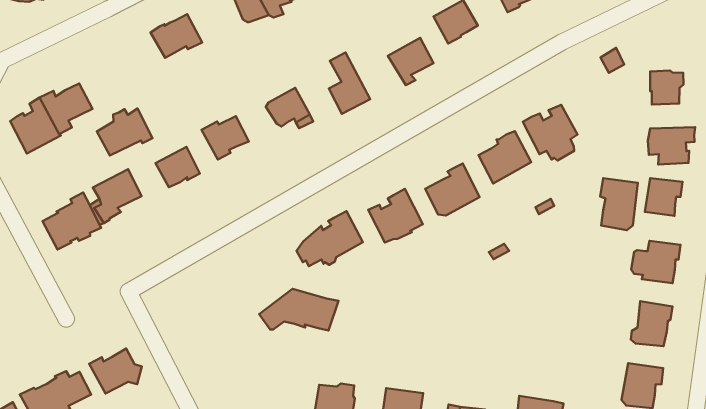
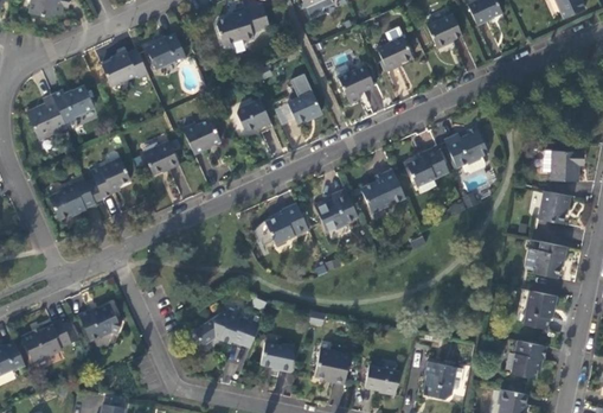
building: [650,71,683,104] -> none
building: [97,109,152,155] -> [102,49,147,85]
building: [600,178,638,230] -> none
building: [259,289,338,330] -> [194,312,259,348]

